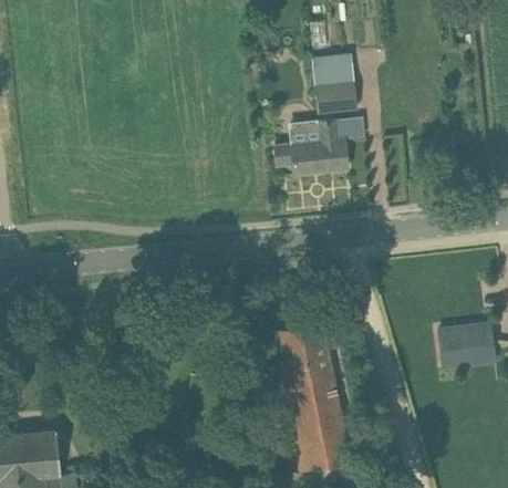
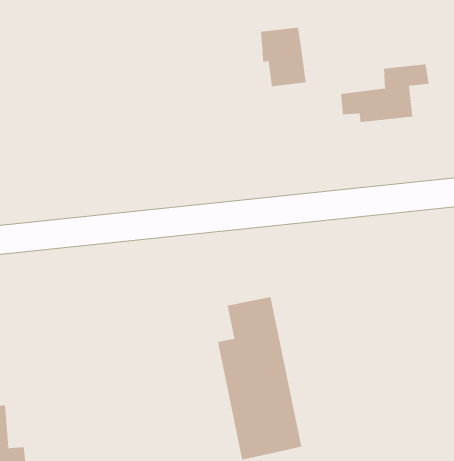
building: [274,116,364,175] -> [340,64,430,123]
building: [438,324,493,359] -> none

